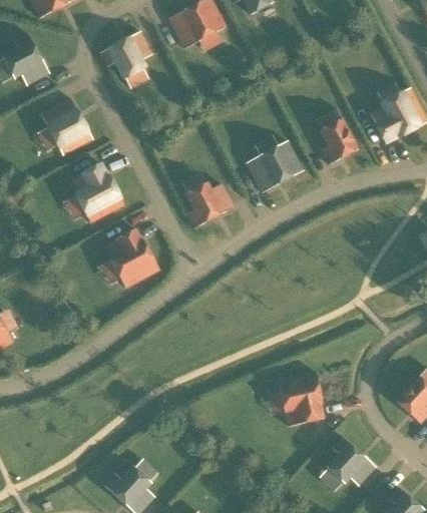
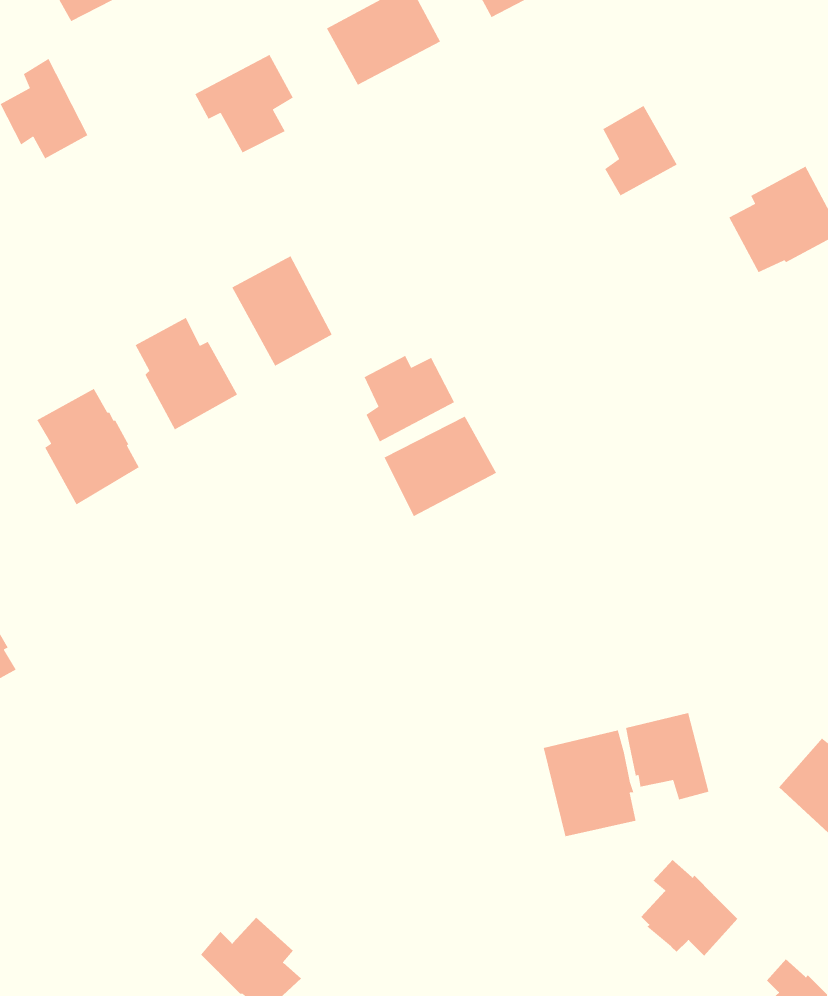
building: [40,98,91,154] -> [231,255,333,367]
building: [321,119,359,165] -> [602,105,678,197]
building: [247,141,304,192] -> [384,415,497,517]
building: [107,228,159,288] -> [36,388,140,505]
building: none -> [625,712,709,800]

